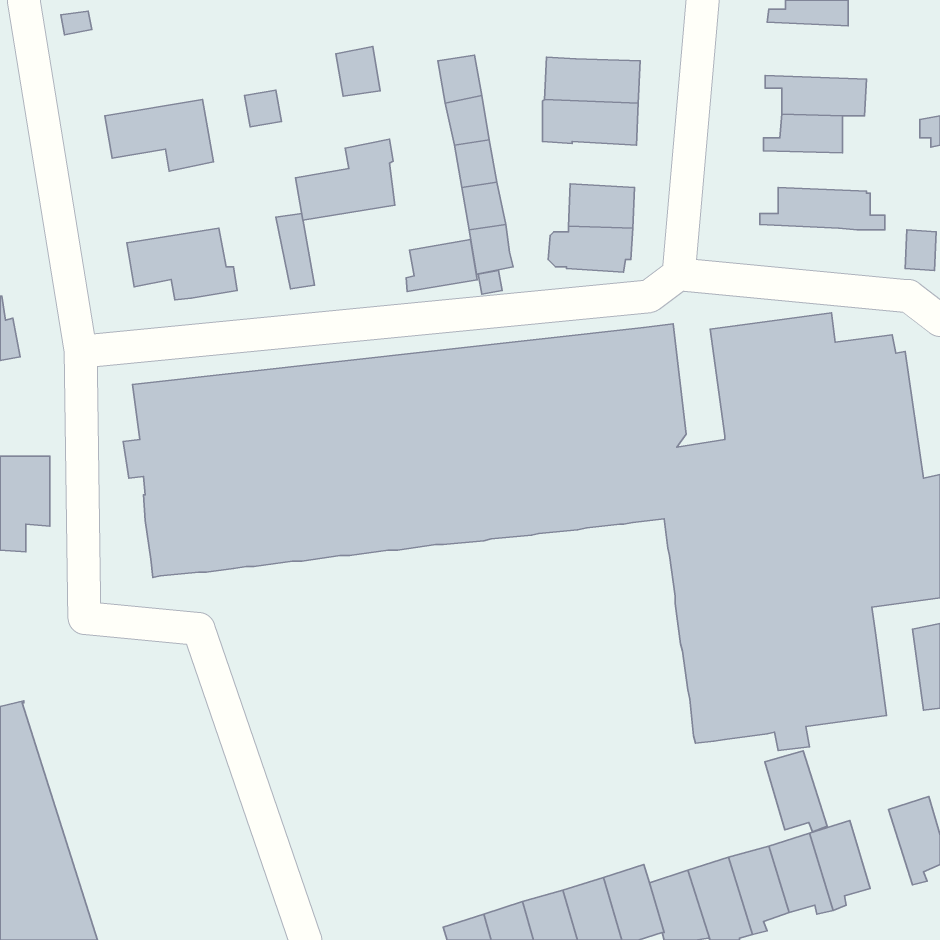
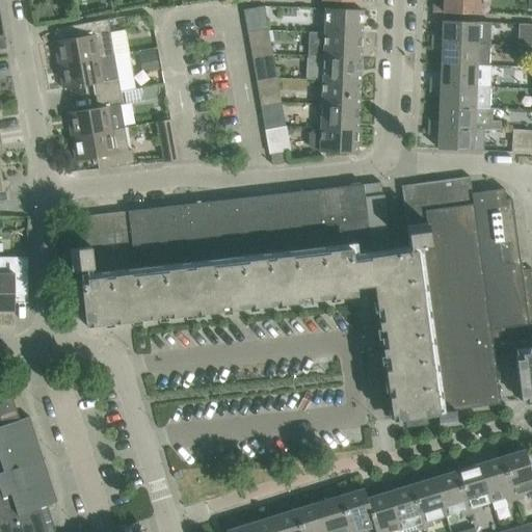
building: none -> [325,9,363,34]
building: none -> [55,20,114,65]
building: none -> [432,21,494,45]
building: [336,47,380,96] -> [243,6,268,34]
building: [296,139,395,220] -> [68,91,124,137]
building: none -> [322,80,360,106]
building: none -> [430,85,489,108]
building: none -> [429,127,484,152]
building: [406,239,477,291] -> none
building: [765,751,827,832] -> [480,457,515,503]

